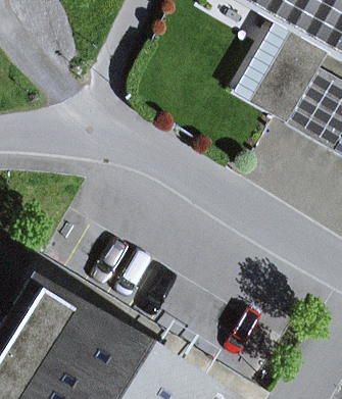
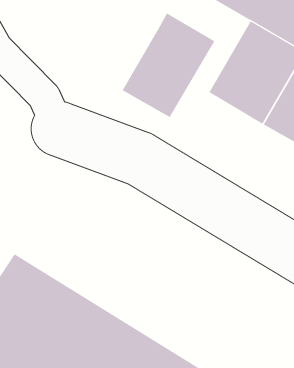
building: none -> [122,12,215,118]

